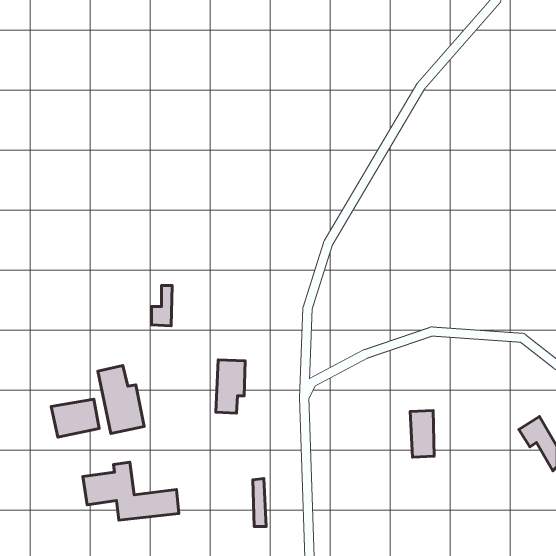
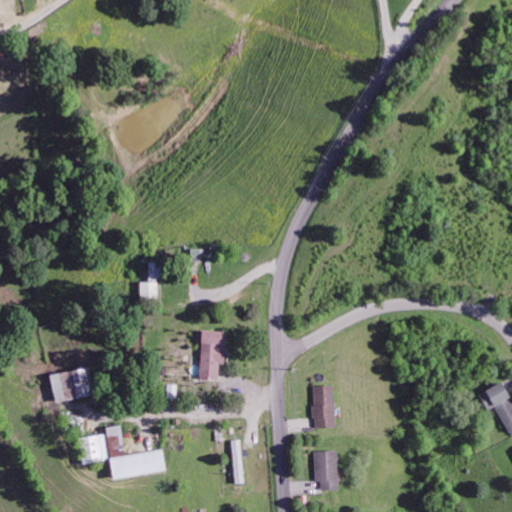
building: [98,366,144,434] -> none
building: [410,410,434,457] -> [313,385,335,428]
building: none -> [315,451,338,490]

